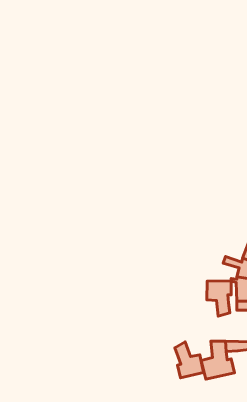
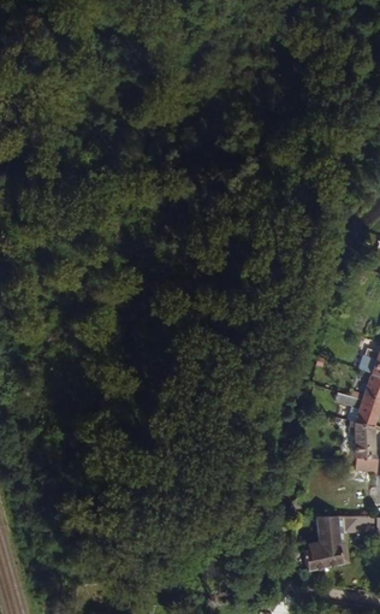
building: [207,281,231,316] -> none
building: [175,342,204,378] -> none

